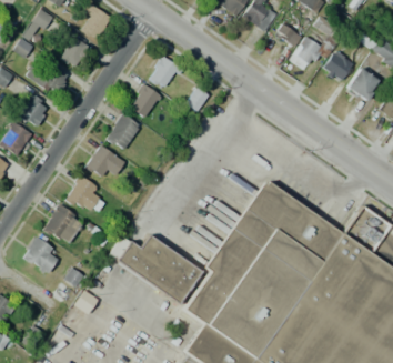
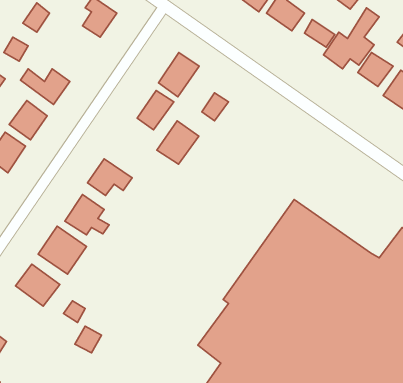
building: [60,36,89,68] -> none
building: [105,112,142,150] -> [157,121,199,164]
building: [118,235,201,303] -> none

